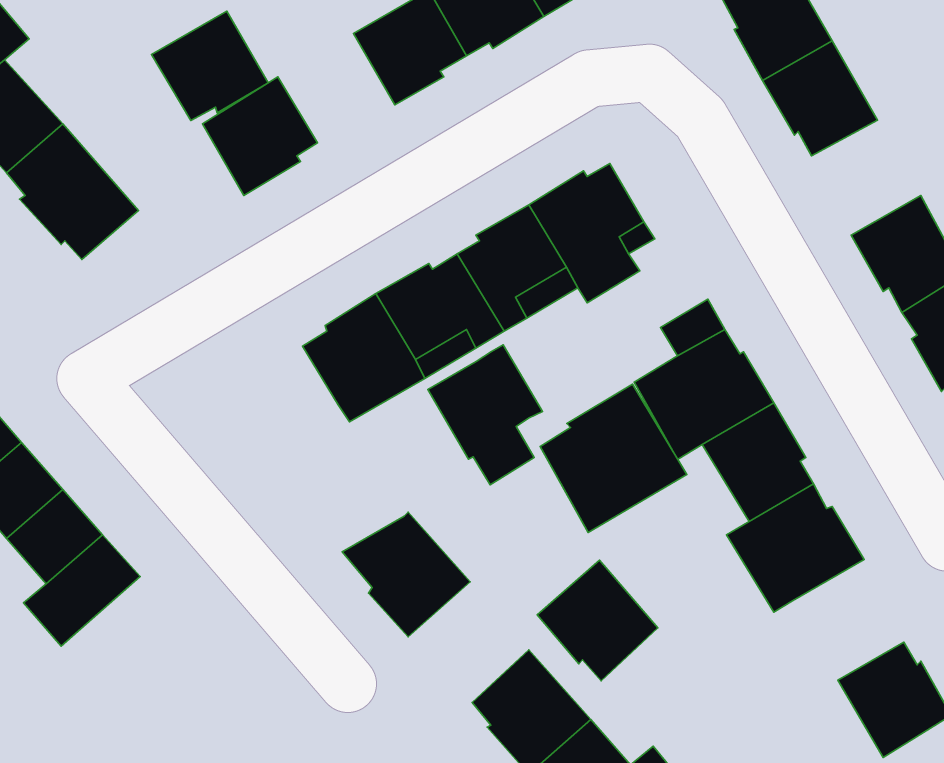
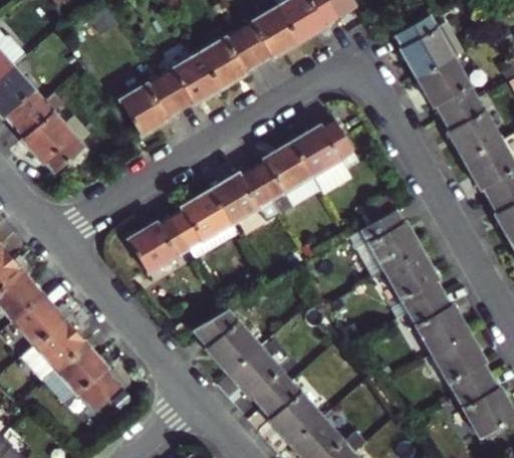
building: [151,11,268,120] -> [158,51,220,109]
building: none -> [442,97,500,159]
building: [428,345,543,485] -> none
building: none -> [126,218,190,274]
building: [540,384,687,533] -> none
building: none -> [432,331,491,396]
building: [537,560,658,681] -> [227,343,291,408]
building: none -> [42,340,118,407]

